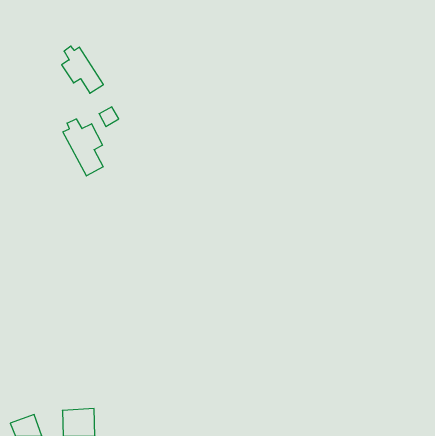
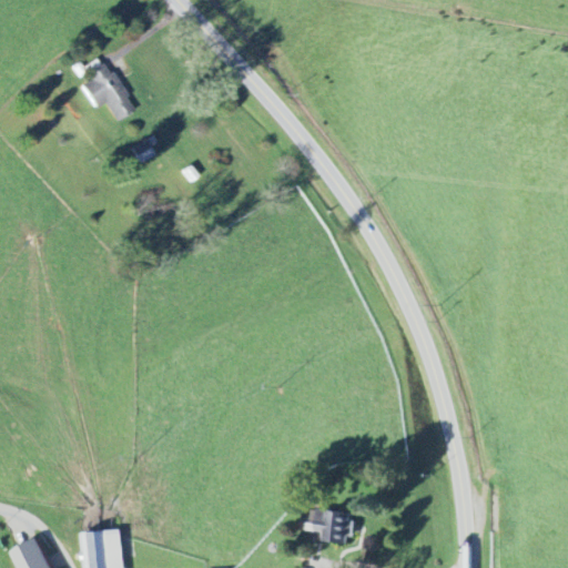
building: [63,119,103,176] -> none
building: none -> [306,511,355,542]

